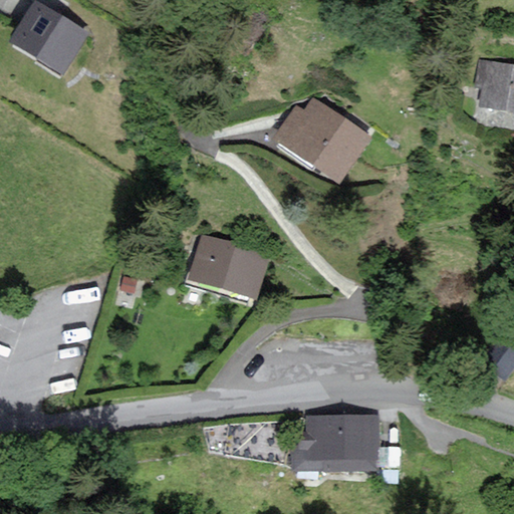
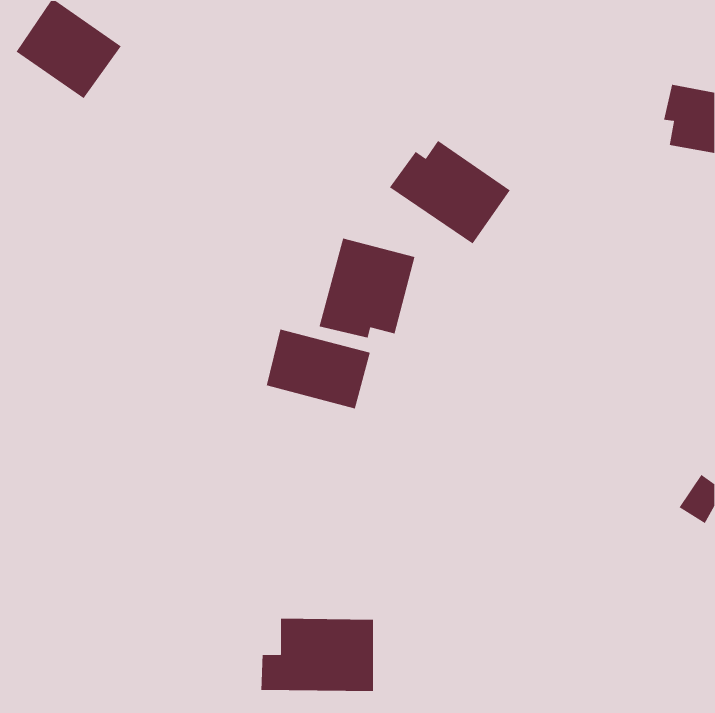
building: none -> [318,238,415,339]
building: [295,418,376,471] -> [260,618,374,692]

